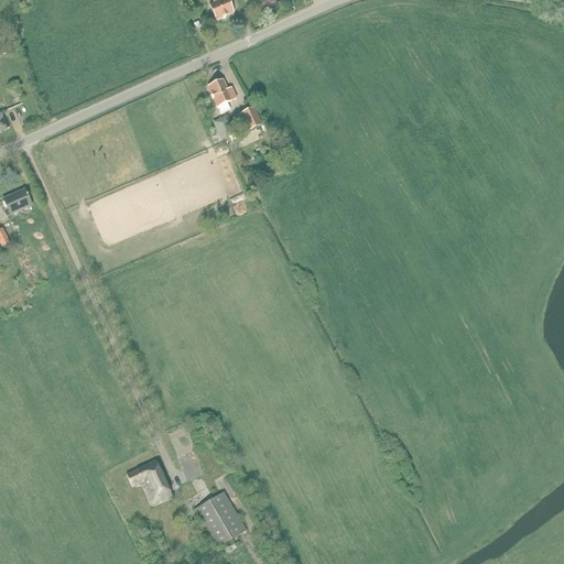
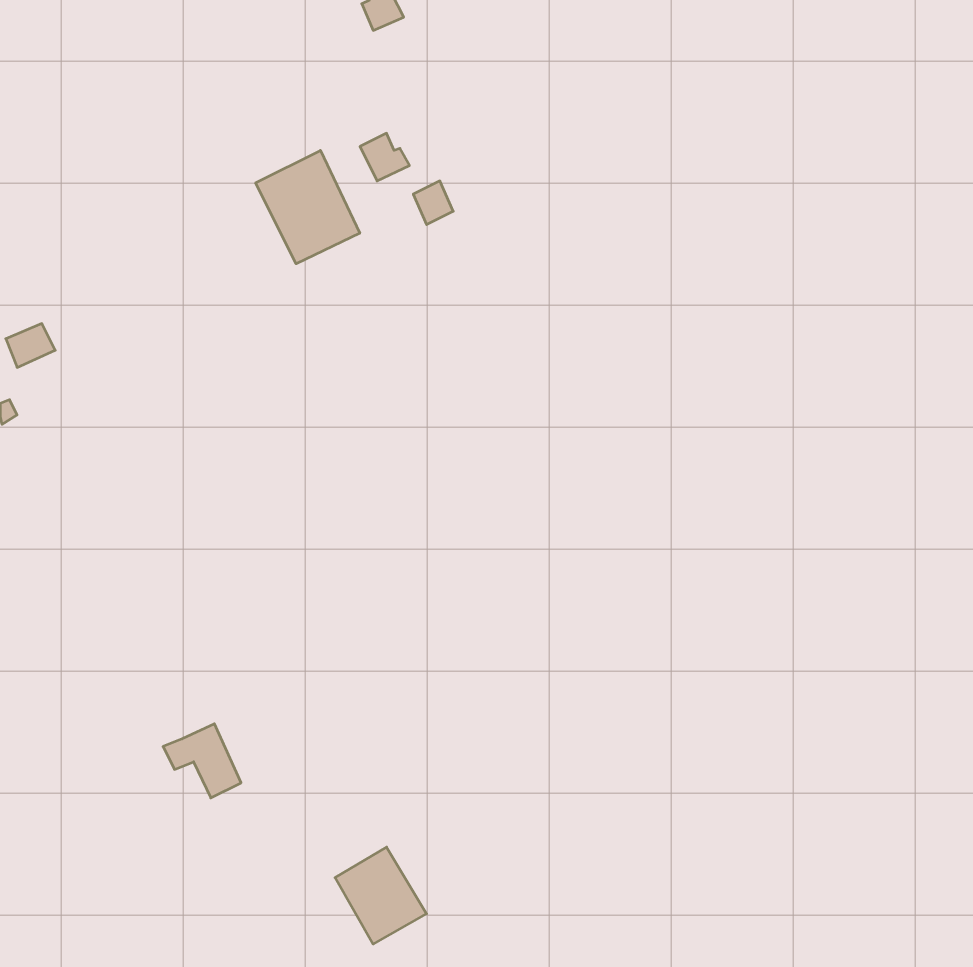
building: none -> [256,150,360,264]
building: [126,459,171,502] -> [163,724,241,798]

